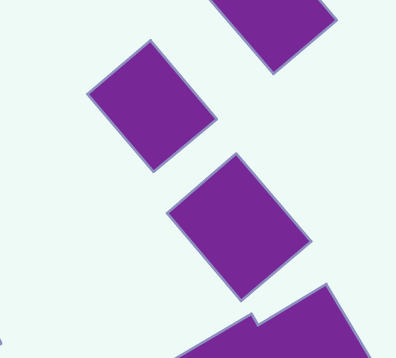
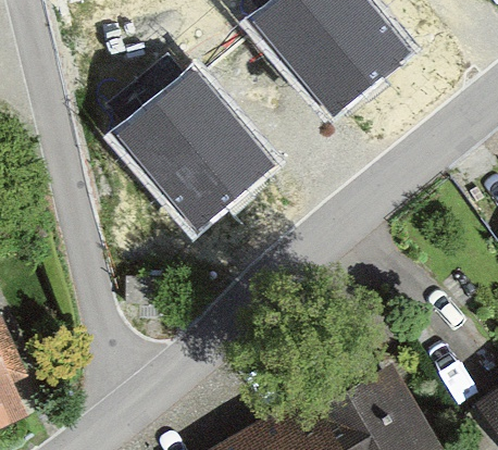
building: [167,154,311,301] -> none

